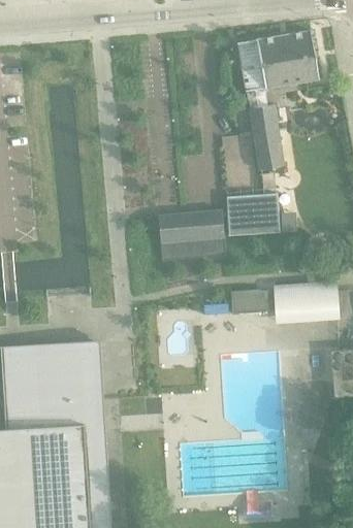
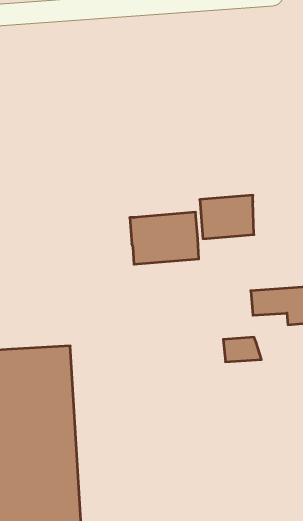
building: [237,31,319,92] -> none
building: [249,104,284,170] -> none
building: [230,290,267,314] -> [223,337,261,362]

